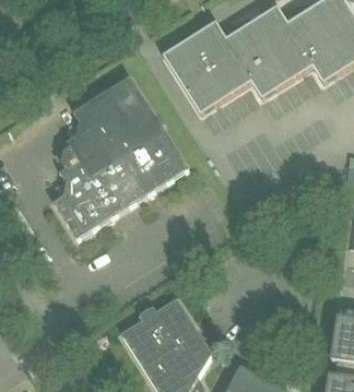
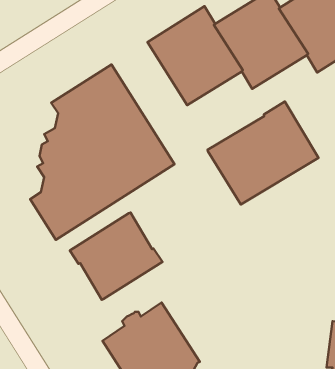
building: none -> [208,101,318,205]
building: none -> [70,212,162,300]

